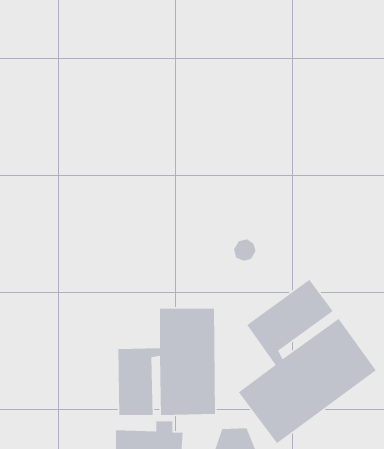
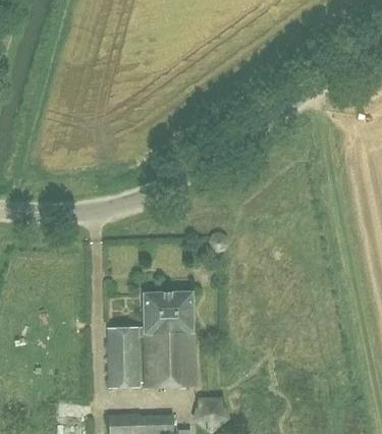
building: [238,279,377,444] -> none

